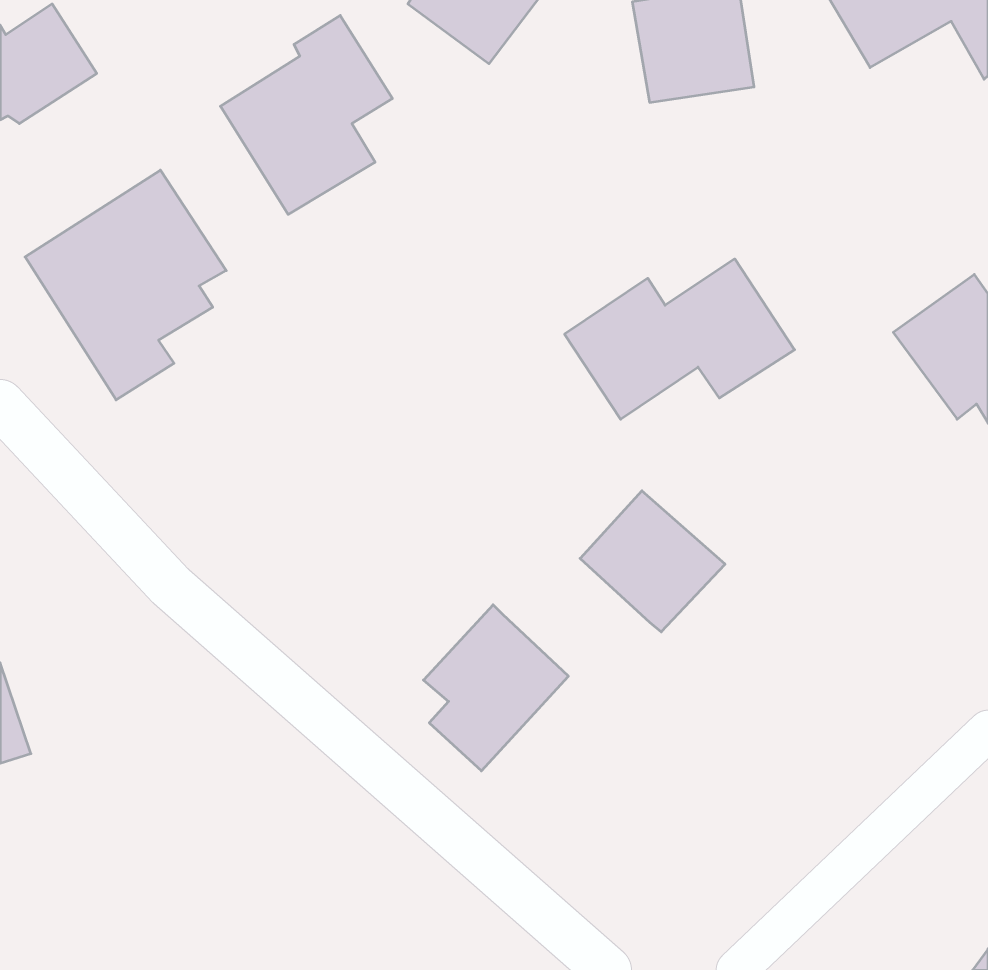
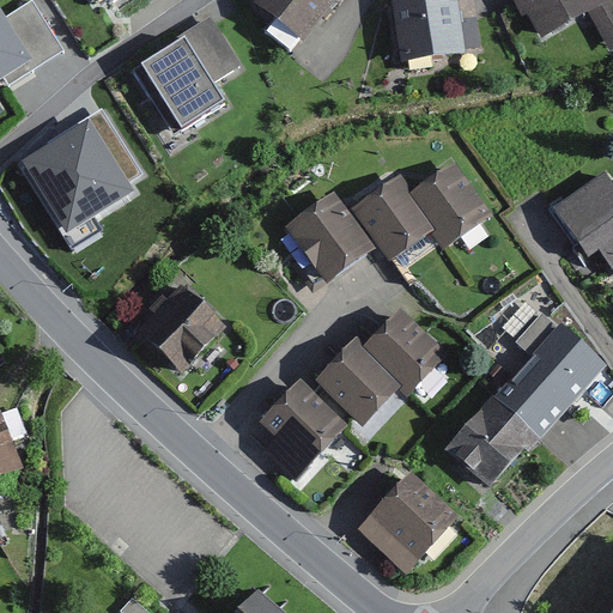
building: none -> [280,193,371,285]
building: none -> [135,289,223,376]
building: none -> [445,316,606,490]
building: none -> [311,338,402,429]
building: none -> [369,467,460,558]

